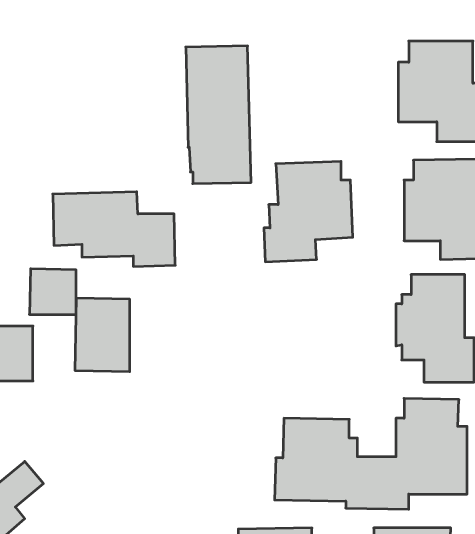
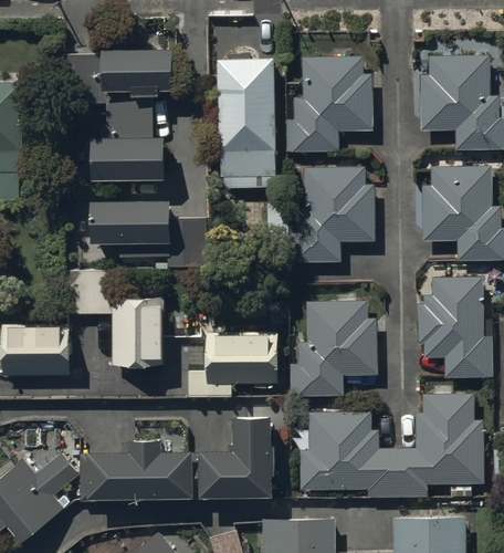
building: none -> [69,49,175,181]
building: none -> [285,52,369,150]
building: none -> [291,302,376,397]
building: none -> [188,331,277,396]
building: none -> [201,418,274,500]
building: none -> [87,442,195,501]

